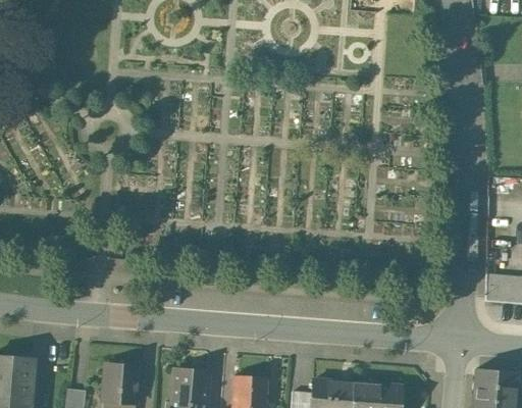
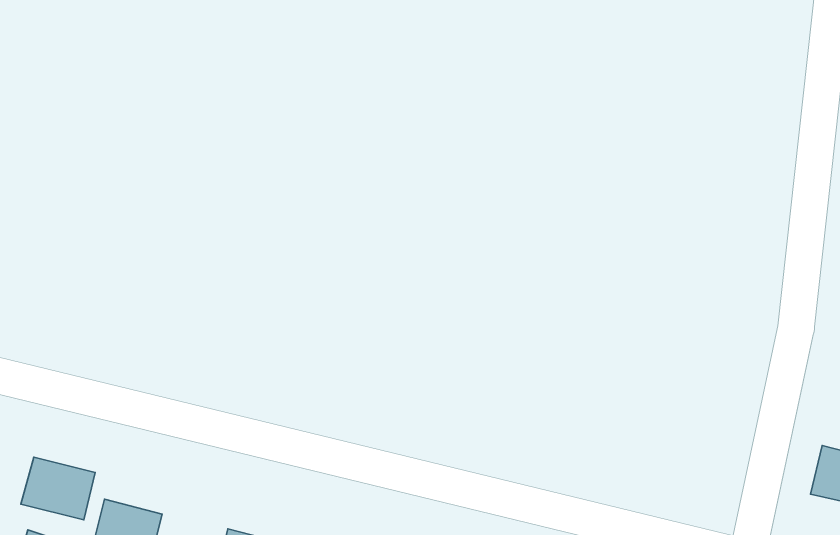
building: none -> [21,457,95,520]

